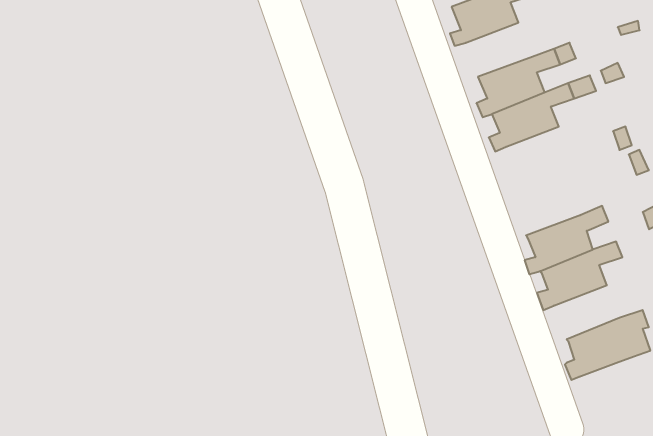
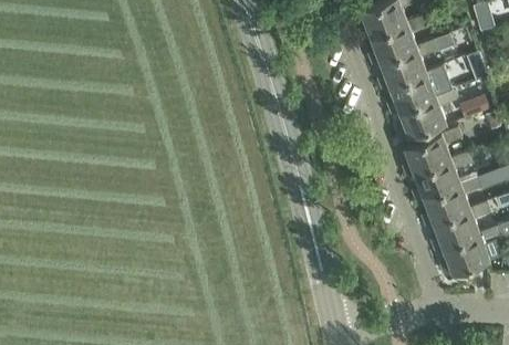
building: none -> [368,18,429,66]
building: none -> [397,92,457,142]
building: none -> [403,129,463,179]
building: none -> [432,205,491,252]

